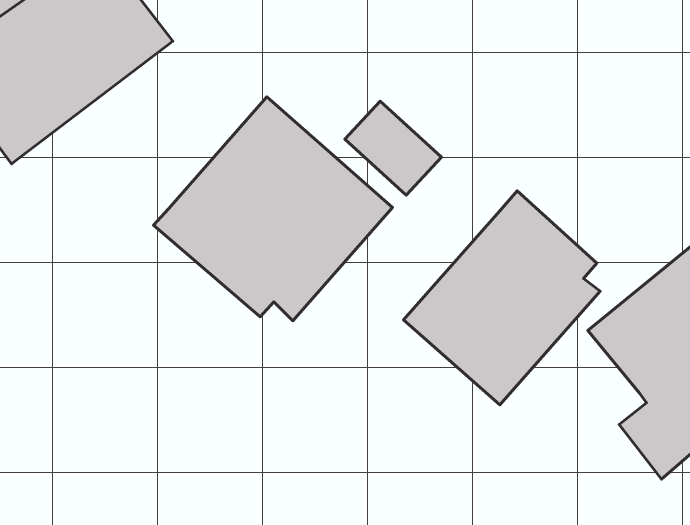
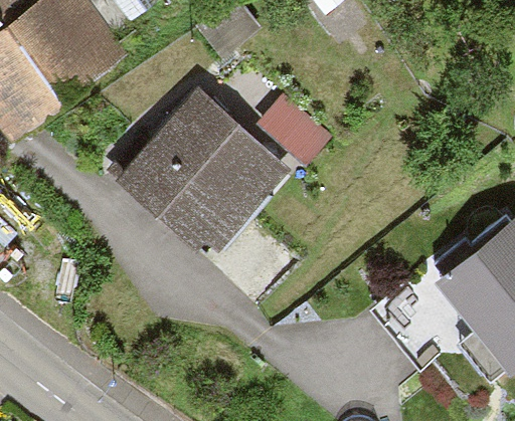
building: [404,191,600,405] -> none

